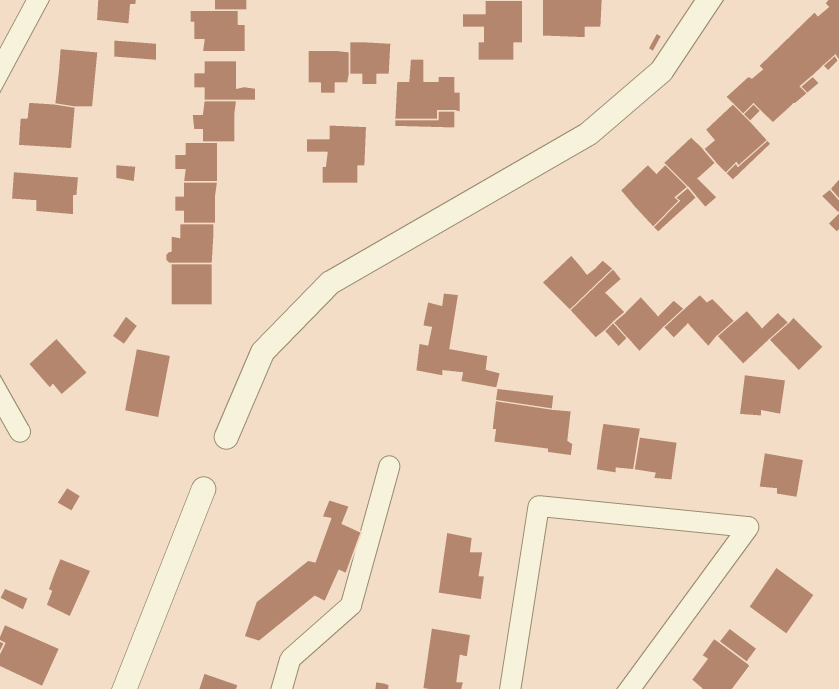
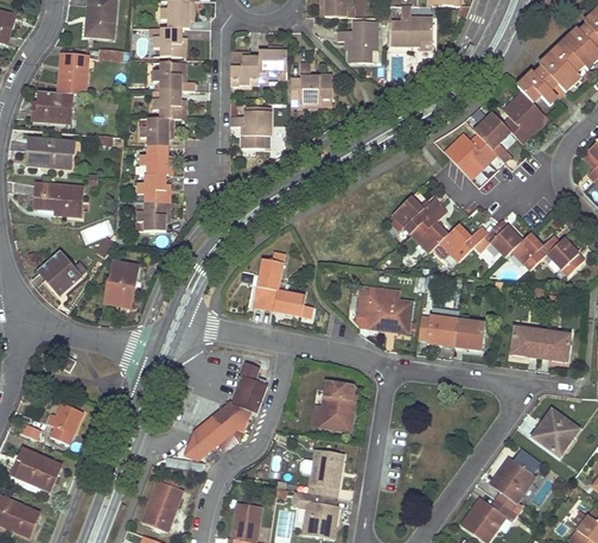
building: none -> [33,183,82,215]
building: [415,293,500,388] -> [254,252,312,317]
building: [739,374,786,416] -> [510,327,542,355]

